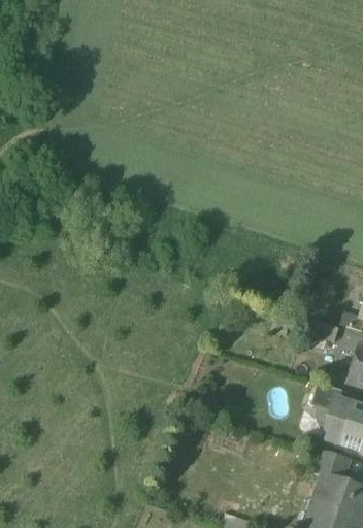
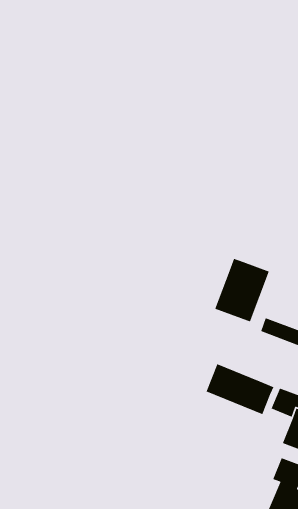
building: none -> [214,258,270,322]
building: none -> [206,363,274,415]

